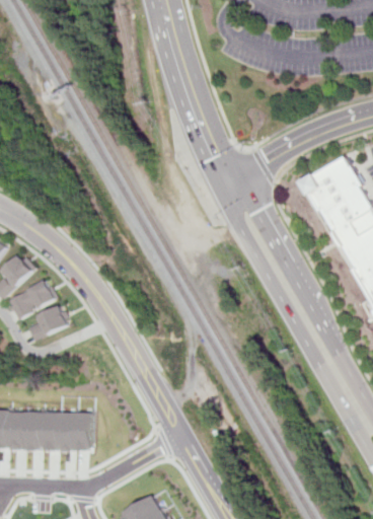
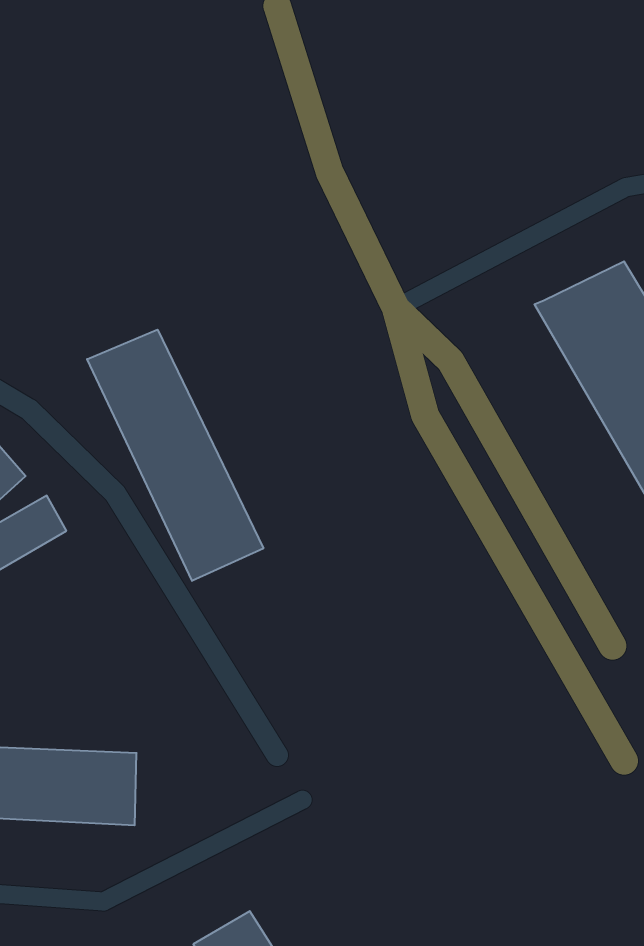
building: none -> [87,330,263,581]
building: [26,304,67,340] -> none

